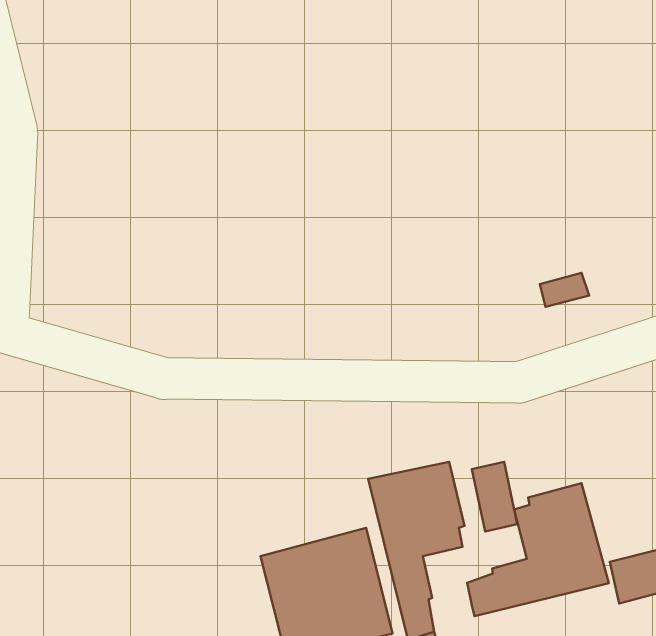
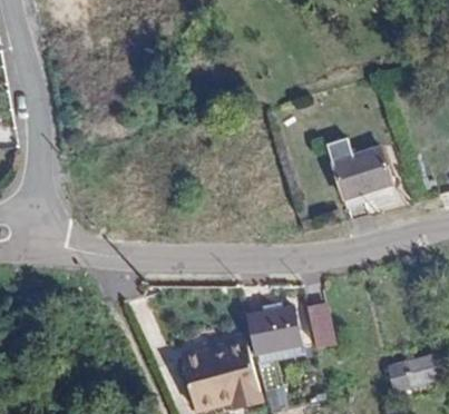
building: none -> [328,138,391,197]
building: [467,483,609,616] -> none

